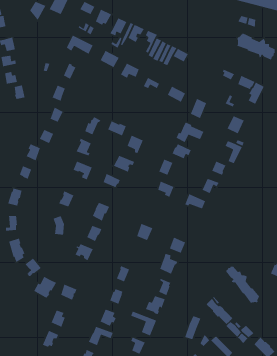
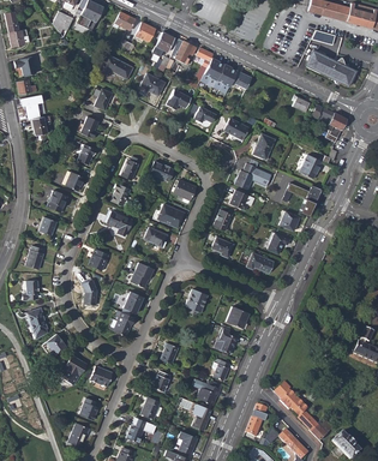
building: [225,266,260,304] -> none

